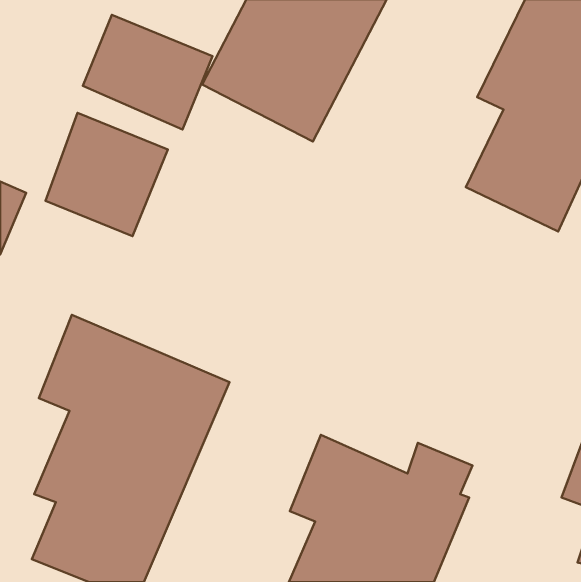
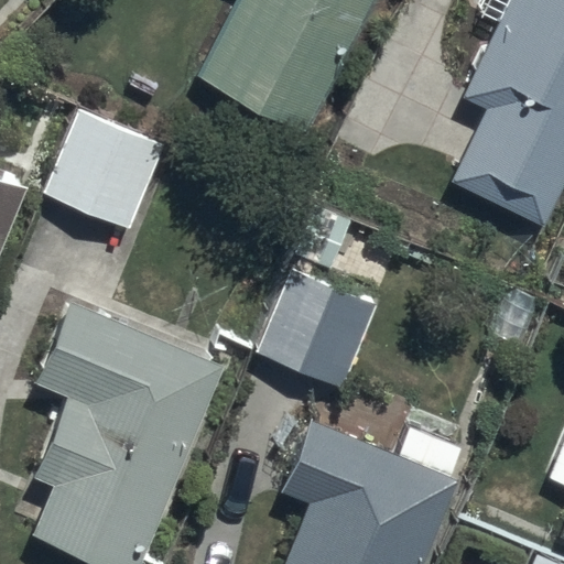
building: [83,15,213,129] -> none
building: none -> [256,270,376,389]

